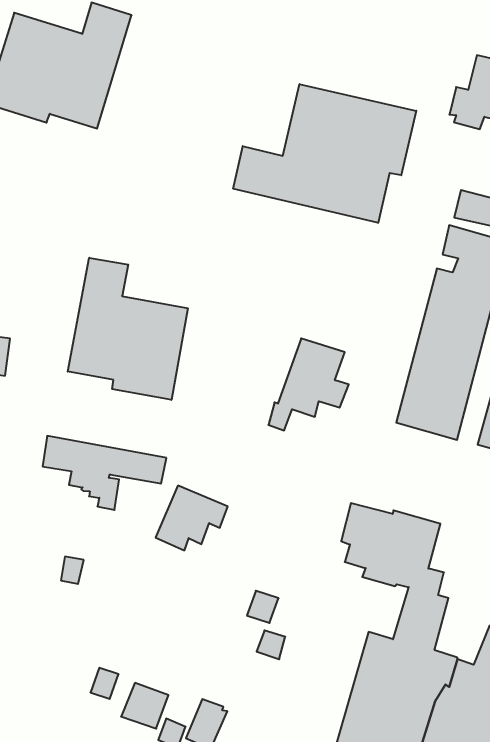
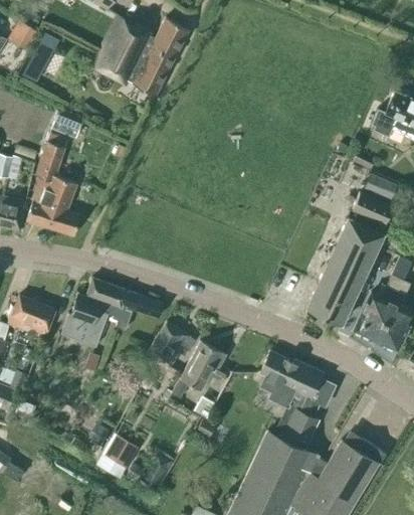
building: [233,84,416,223] -> none
building: [68,258,188,400] -> none
building: [268,338,349,430] -> [172,341,226,395]
building: none -> [61,294,109,347]

